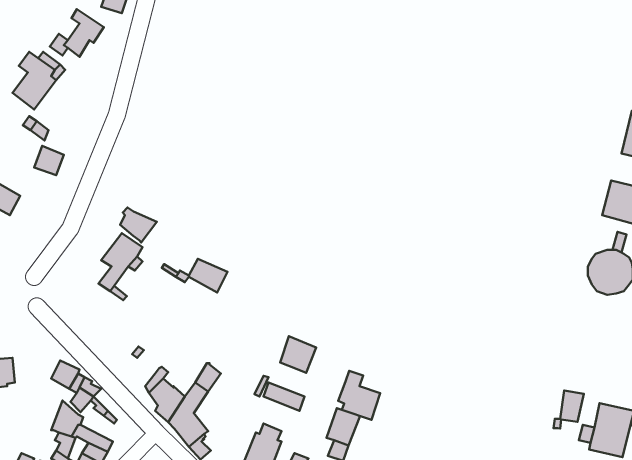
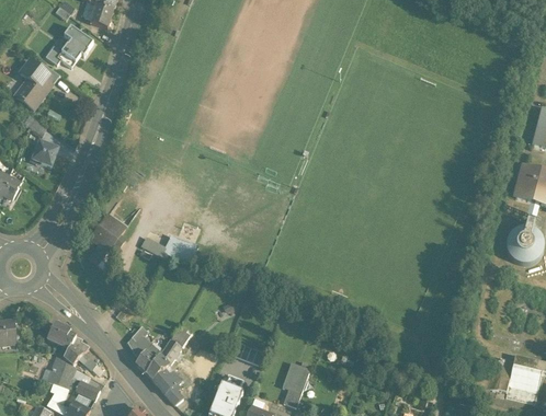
building: [120,208,157,243] -> none
building: [280,336,316,373] -> none
building: [338,371,380,420] -> none
building: [554,391,584,429] -> none

